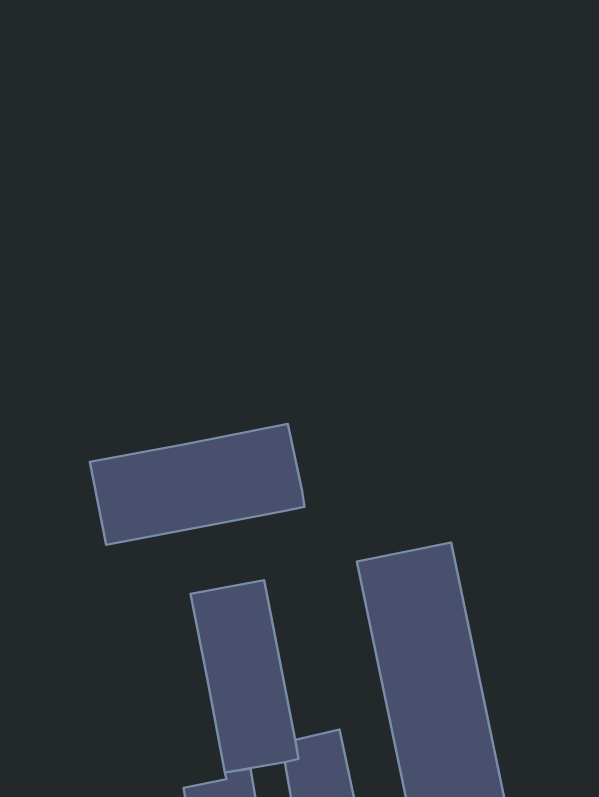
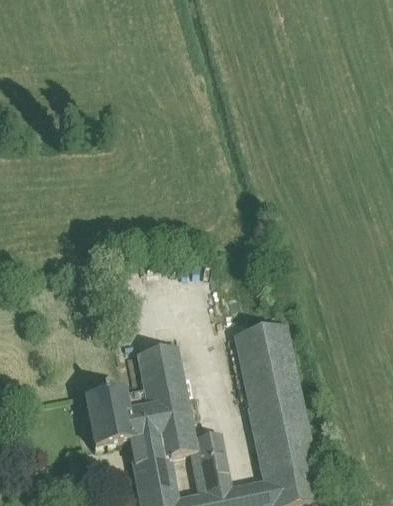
building: [90,424,304,545] -> none
building: none -> [86,387,157,467]

